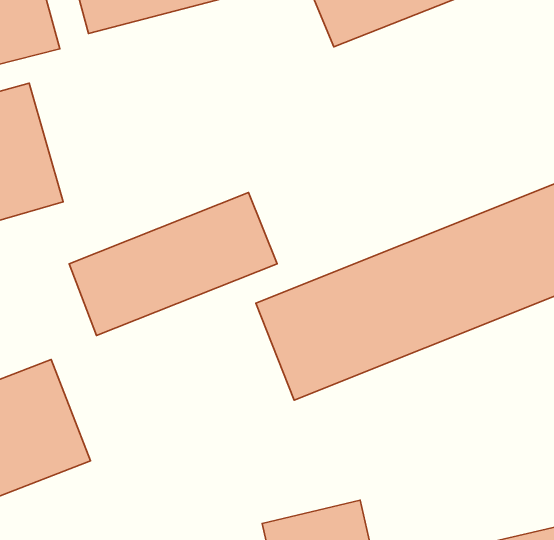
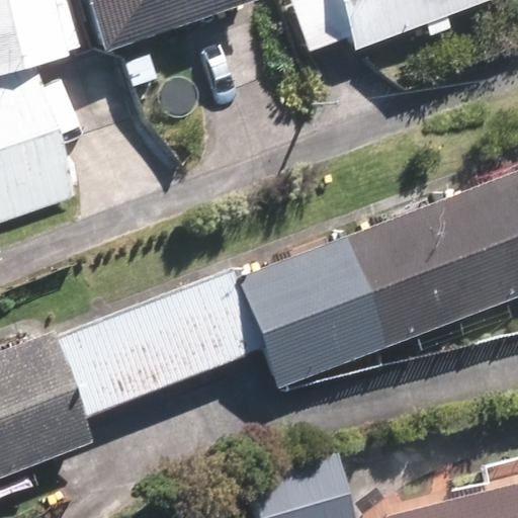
building: [69,192,277,335] -> [66,277,257,409]

